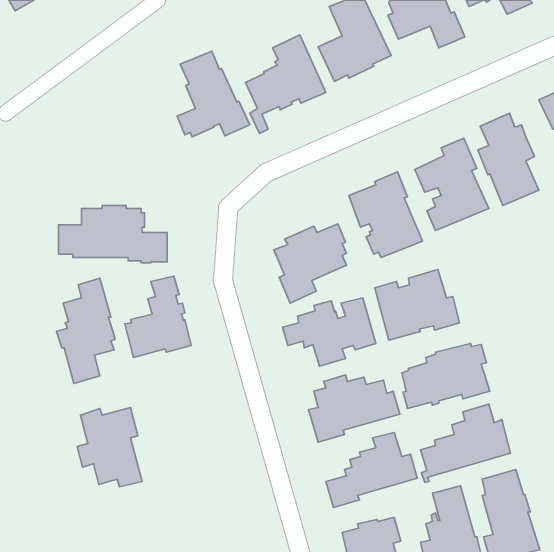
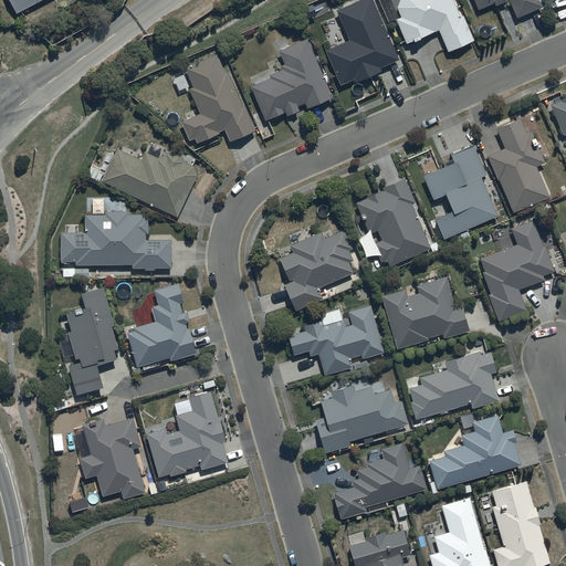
building: none -> [101,148,197,218]
building: none -> [481,220,555,321]
building: none -> [147,390,228,478]

